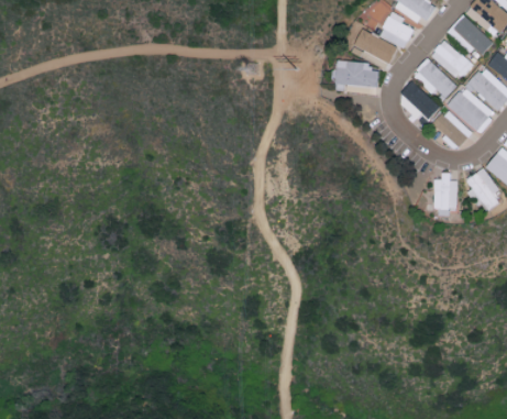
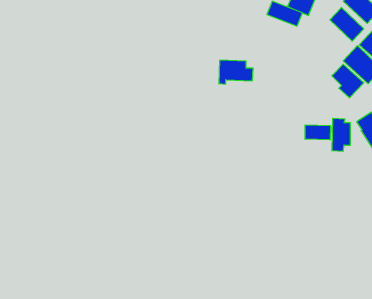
building: [414,58,458,101] -> none
building: [335,62,378,91] -> [219,60,253,84]
building: [396,82,440,119] -> none
building: none -> [305,125,330,140]

